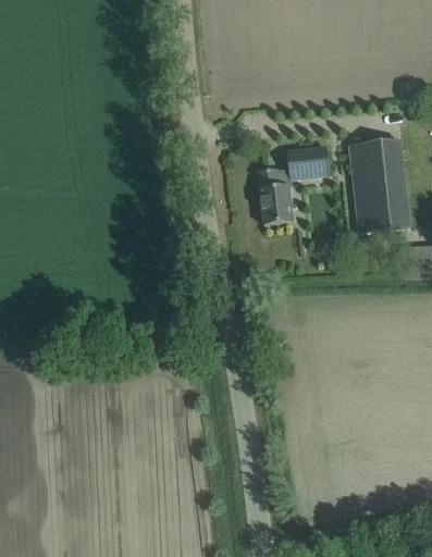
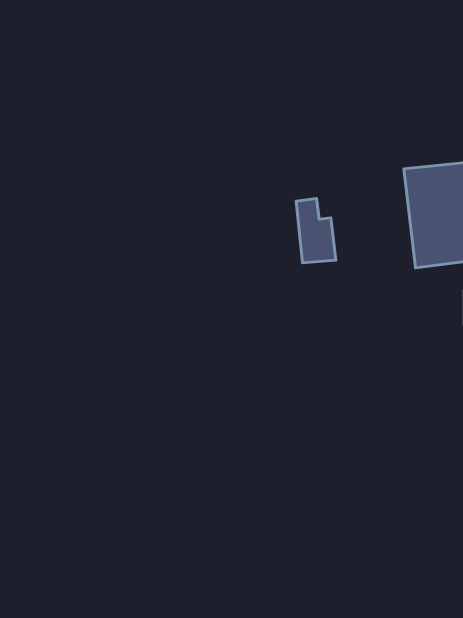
building: [288,146,328,177] -> none

